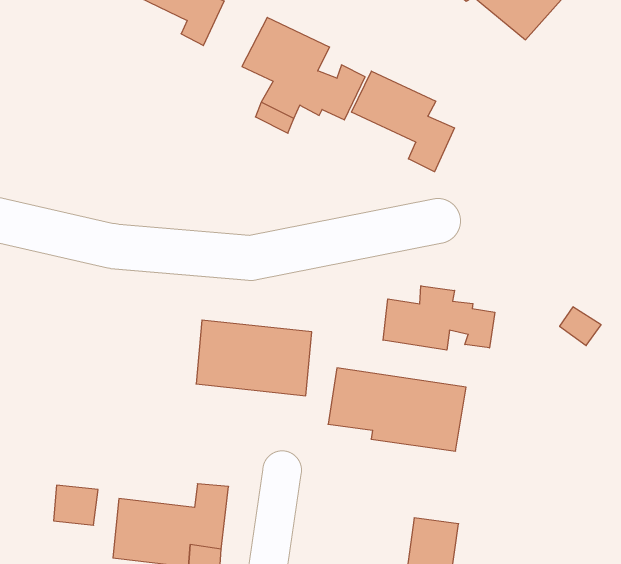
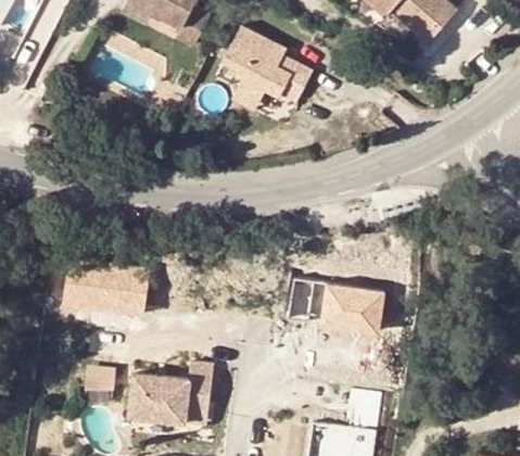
building: [352,71,455,172] -> none
building: [383,286,495,350] -> none
building: [196,320,312,396] -> [62,259,147,315]

